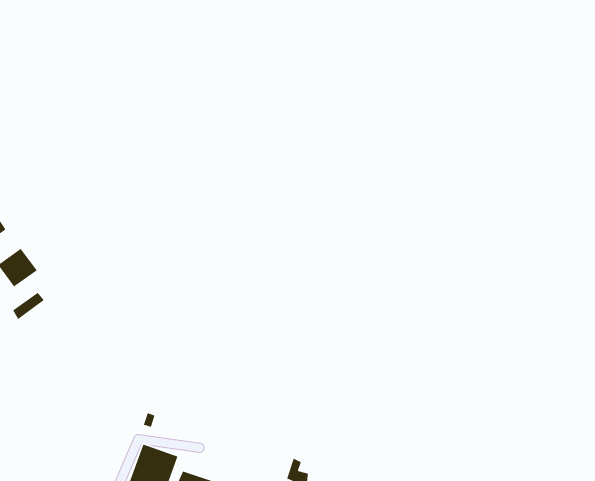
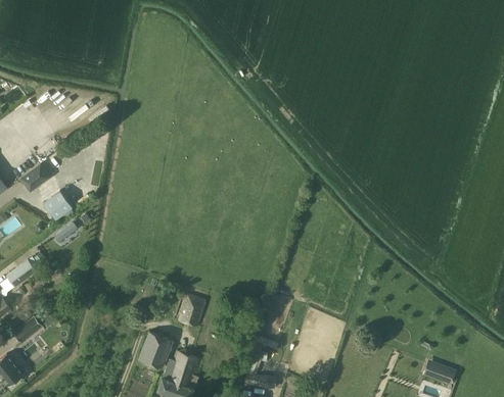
building: none -> [178,294,207,328]

